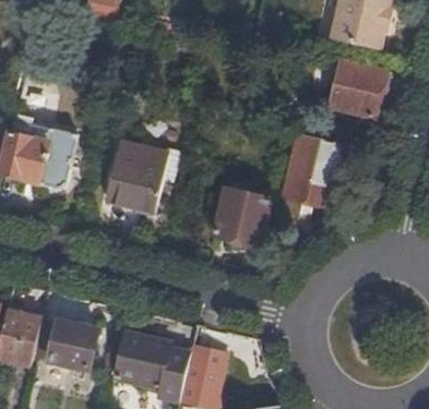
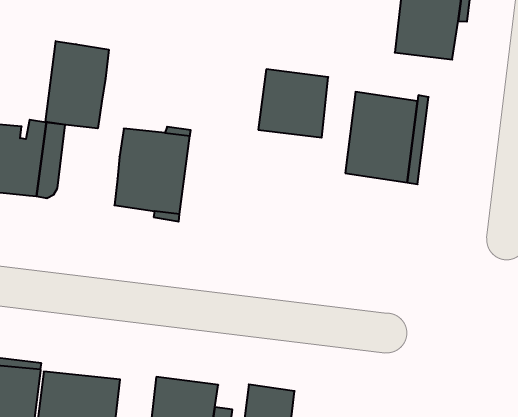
building: none -> [45,41,109,128]
building: [213,189,270,244] -> [258,69,328,138]

